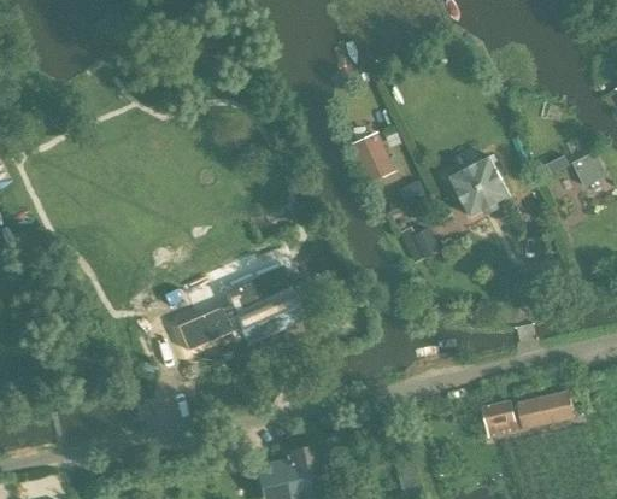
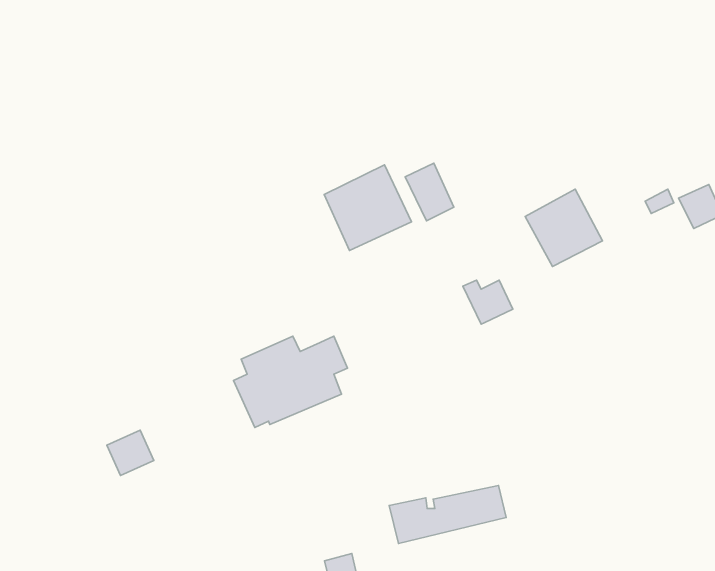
building: none -> [324,165,412,250]
building: [176,313,213,350] -> [107,430,154,476]
building: [481,391,574,436] -> [389,486,506,543]

